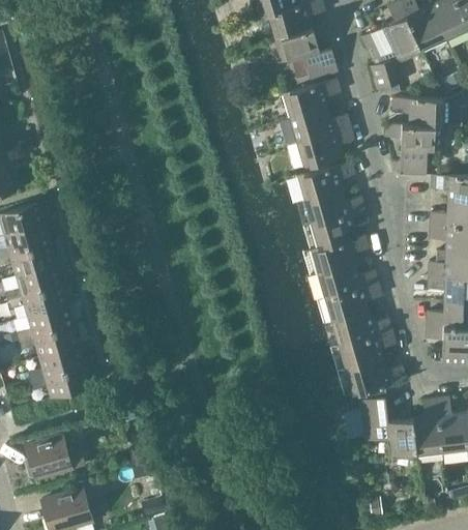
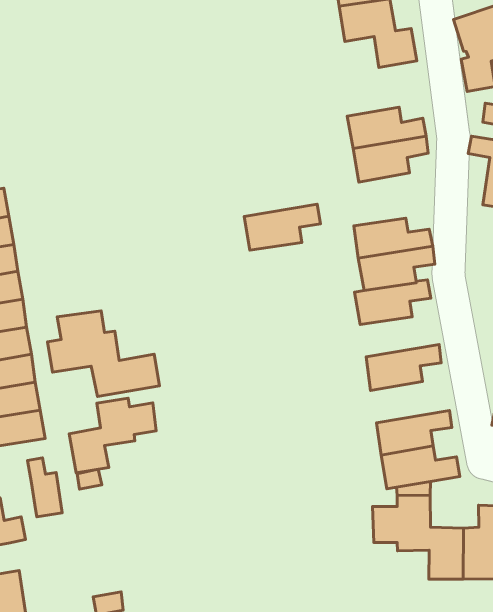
building: [283,78,341,118] -> none
building: [297,159,355,200] -> [244,204,320,250]
building: [318,263,379,297] -> none
building: none -> [48,311,159,396]
building: [331,311,392,346] -> none
building: none -> [69,398,156,473]
building: none -> [28,458,62,517]

